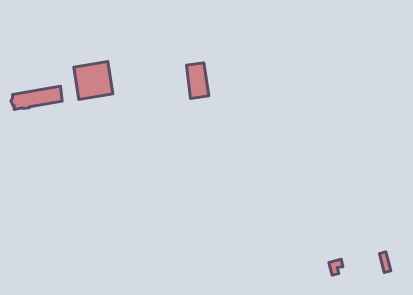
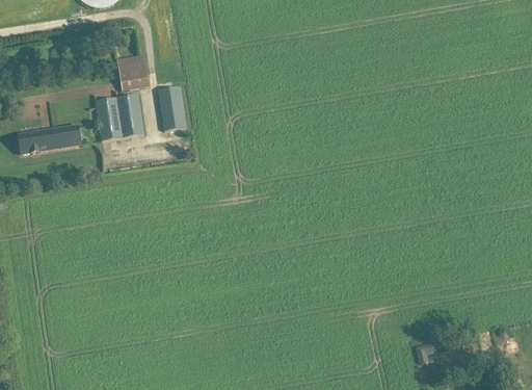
building: none -> [117,54,149,90]
building: [187,63,209,98] -> [159,86,187,131]

